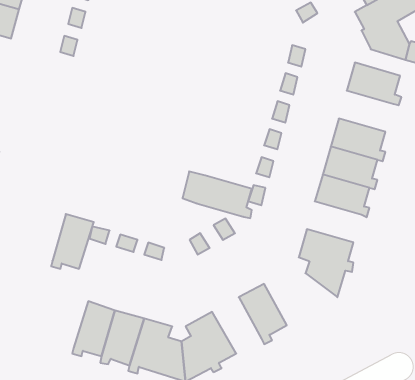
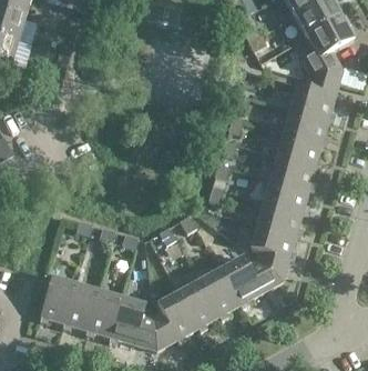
building: none -> [284,107,329,142]
building: [182,171,252,218] -> [245,195,303,234]
building: [51,214,94,269] -> [40,275,75,321]
building: none -> [222,255,283,307]
building: none -> [178,279,219,330]

